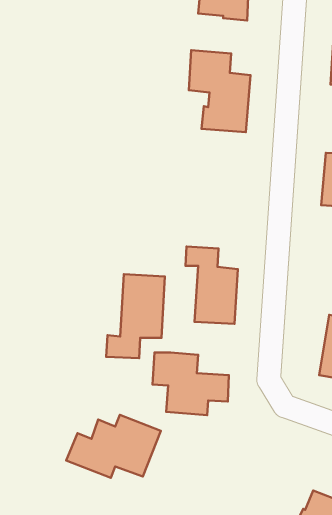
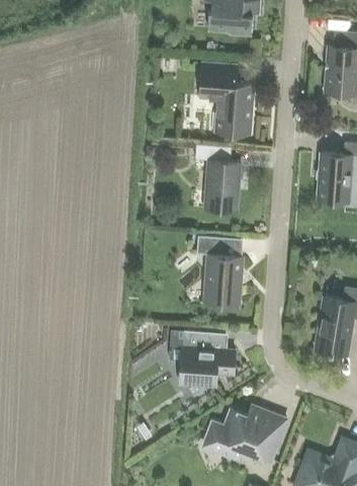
building: none -> [194,145,240,215]
building: [106,274,165,358] -> none
building: [66,415,161,478] -> [202,405,286,461]

